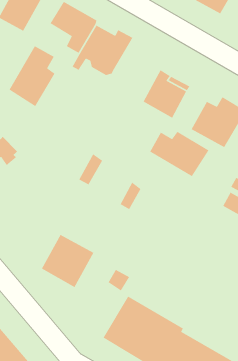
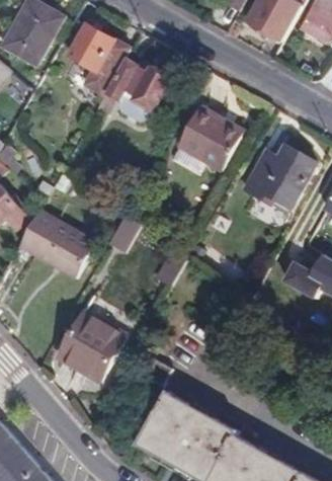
building: [8,45,55,107] -> none
building: [149,131,209,177] -> none
building: none -> [17,212,93,276]

